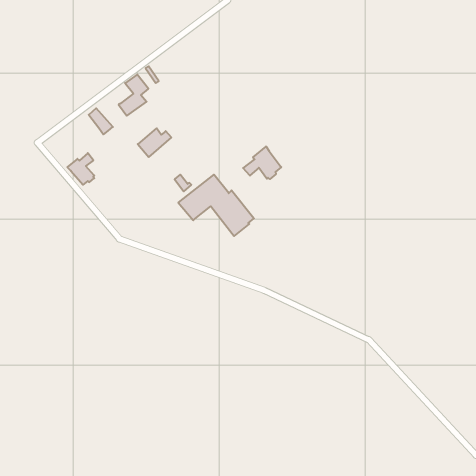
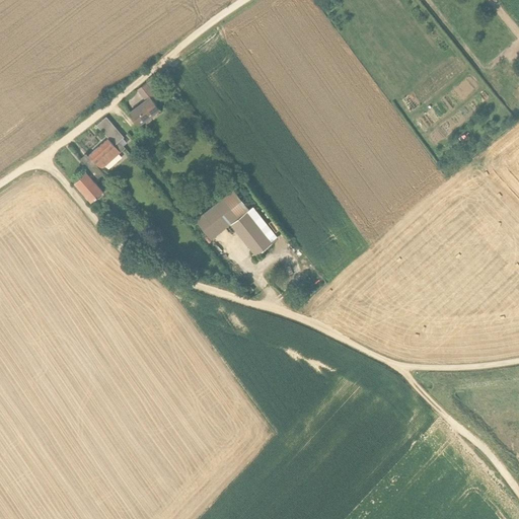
building: [138,128,171,157] -> [87,140,124,171]
building: [243,146,281,179] -> none

